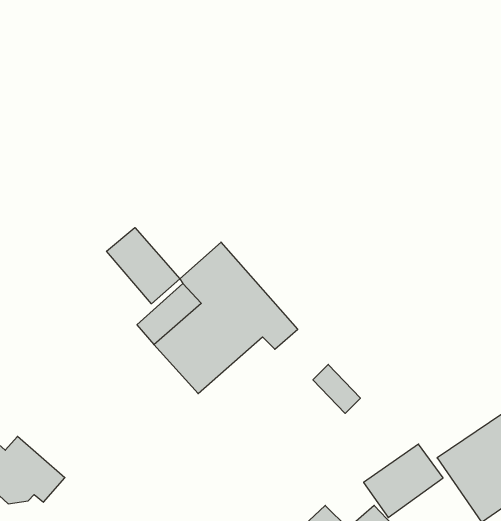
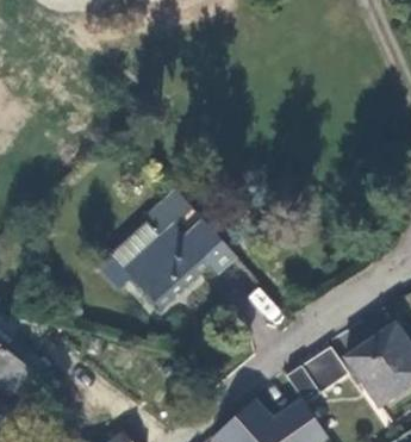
building: [107,228,180,304] -> none

